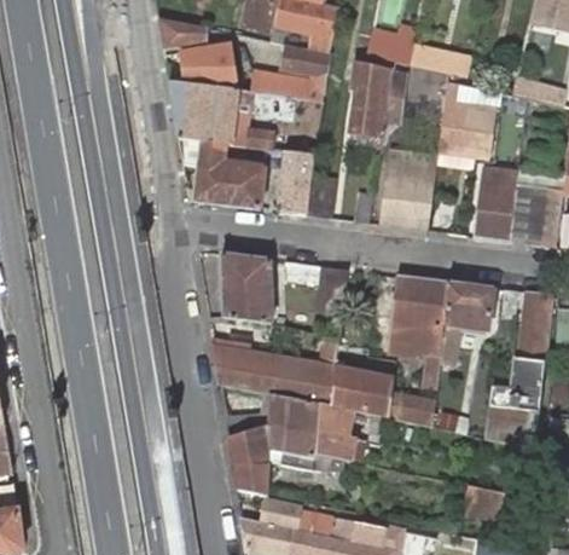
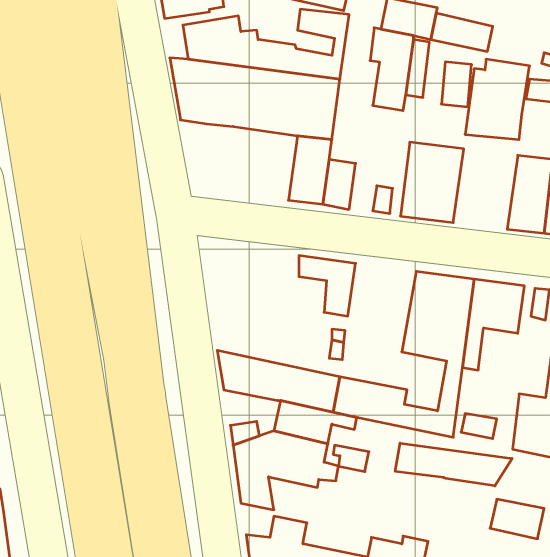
building: [196,140,267,208] -> none
building: [221,253,273,323] -> none
building: none -> [395,443,512,486]

